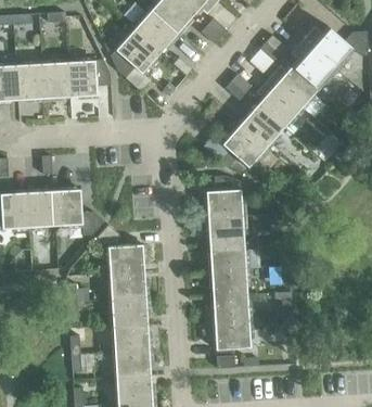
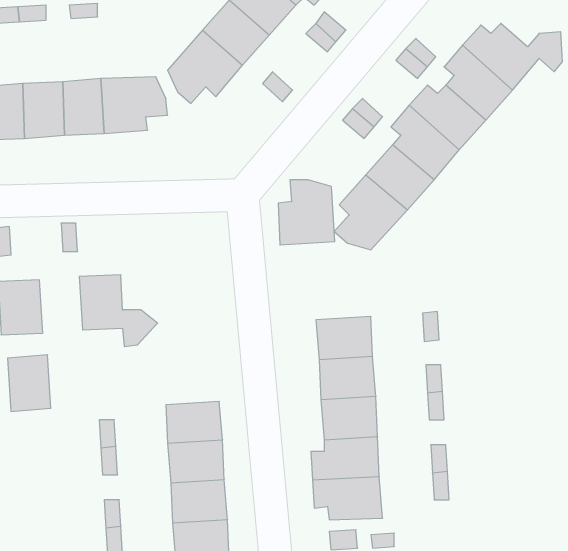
building: [206,177,243,219] -> [278,180,335,245]
building: [27,191,55,228] -> [8,355,51,411]
building: [95,225,144,275] -> none

